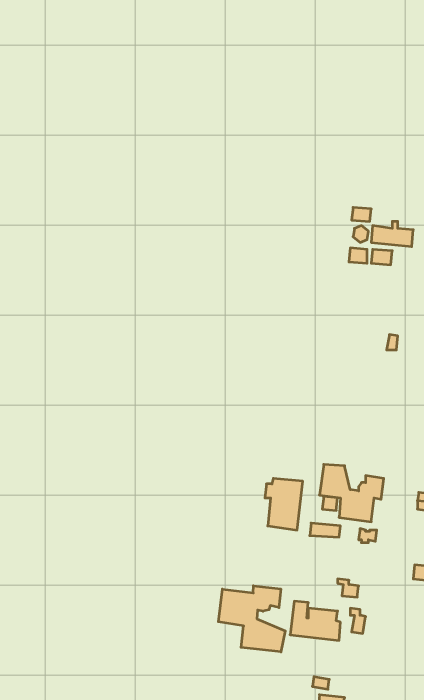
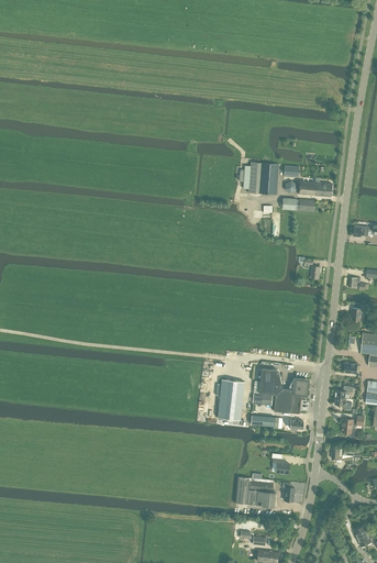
building: none -> [242,162,278,195]
building: [218,586,285,652] -> none

